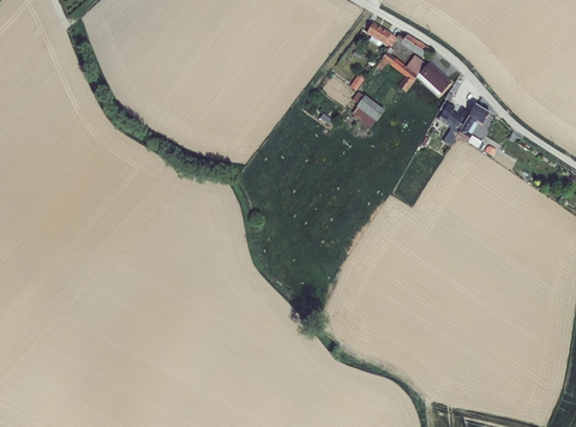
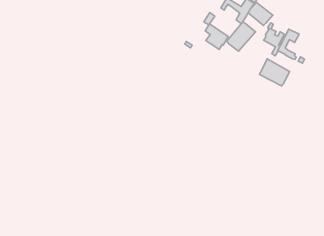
building: none -> [227,22,256,51]
building: none -> [260,59,289,86]

